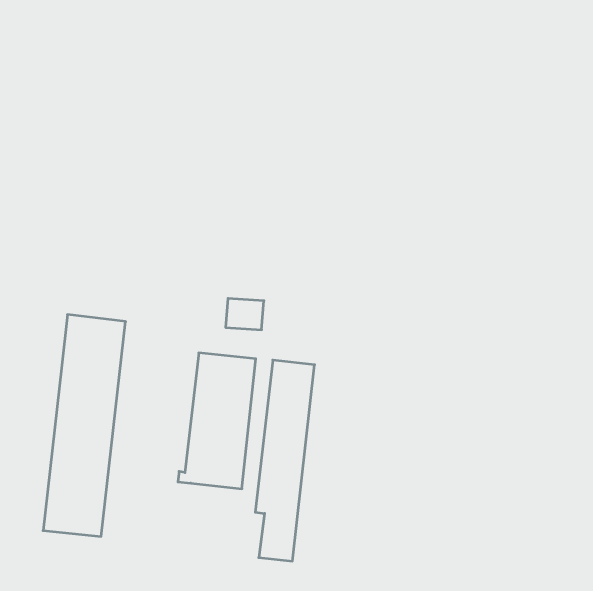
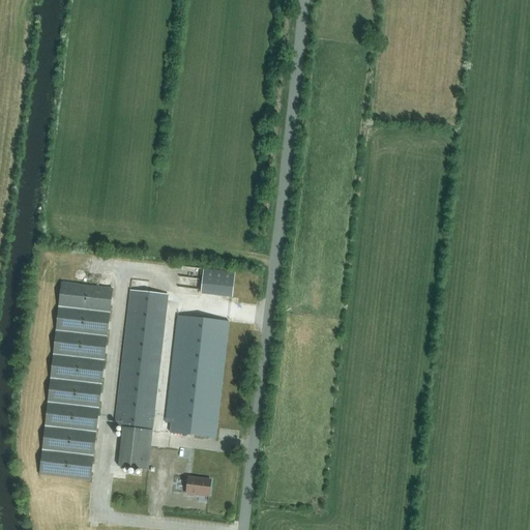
building: [255,360,315,561] -> [114,289,167,468]
building: none -> [181,475,210,495]

